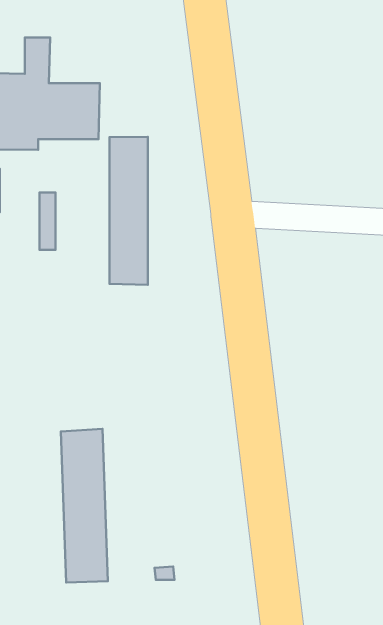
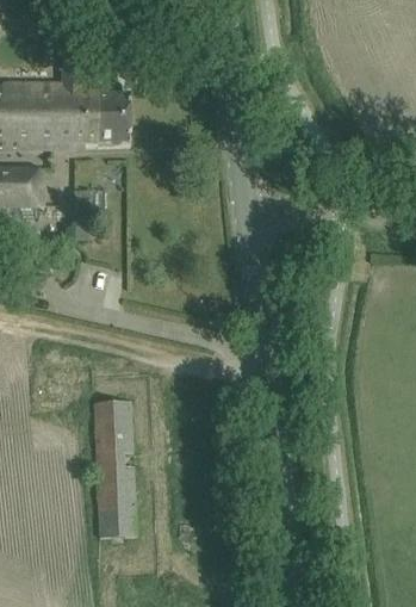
building: [110,137,148,285] -> none

